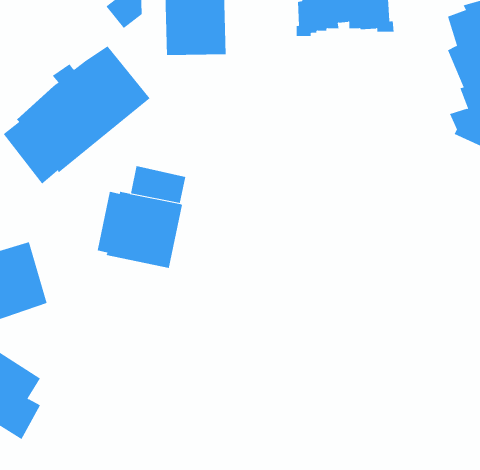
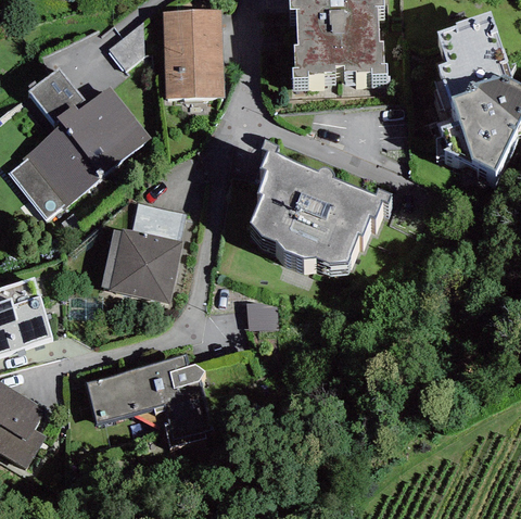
building: none -> [26,66,87,126]
building: none -> [247,155,391,280]
building: none -> [86,354,215,446]

